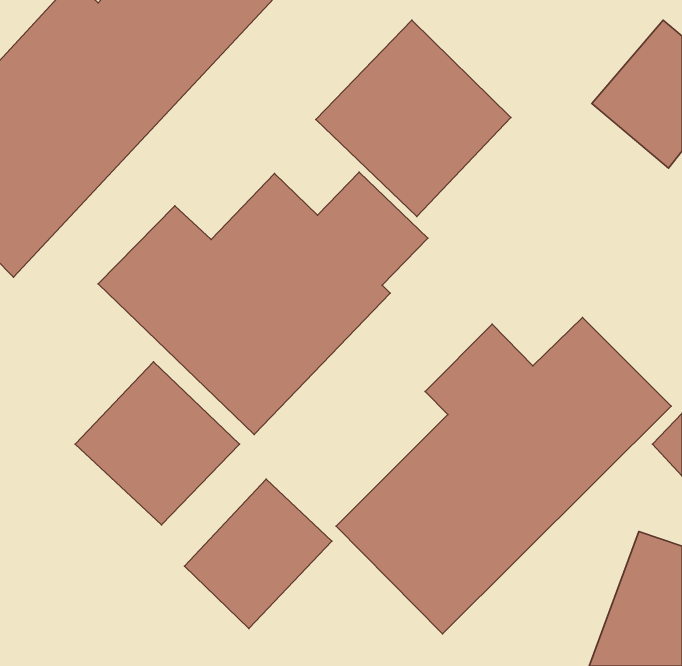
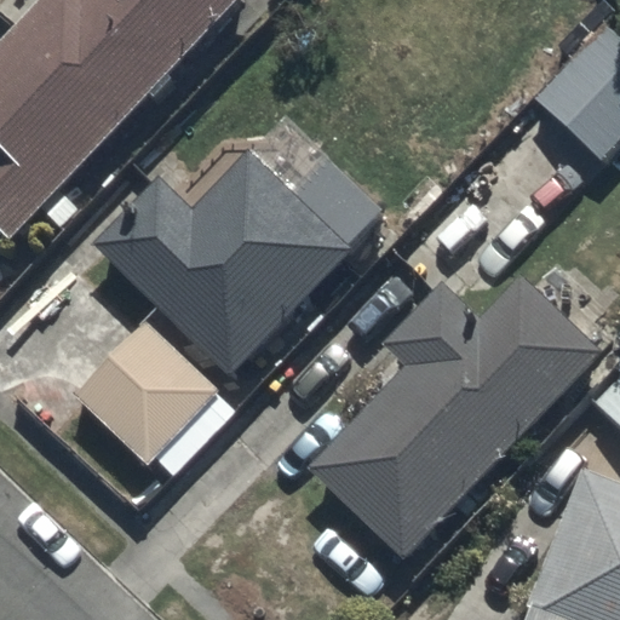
building: [316,20,511,217] -> none
building: [185,479,332,629] -> none

